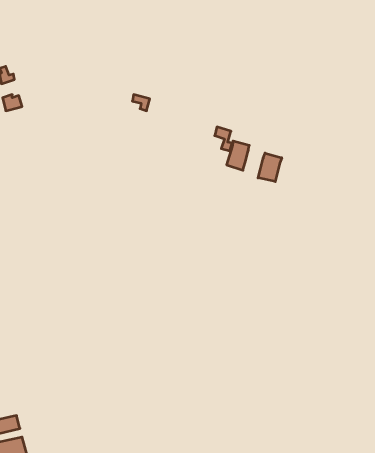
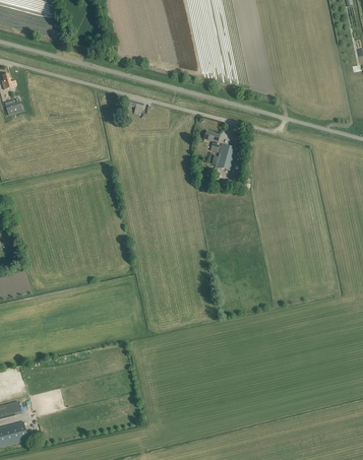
building: [258,153,282,182] -> none

